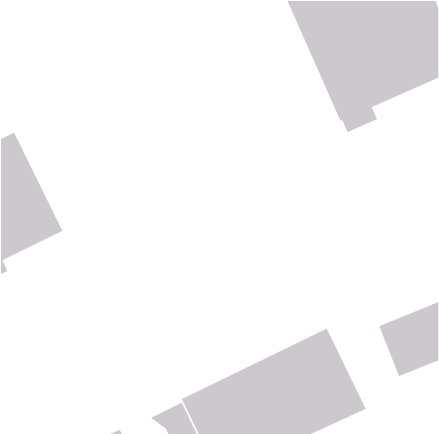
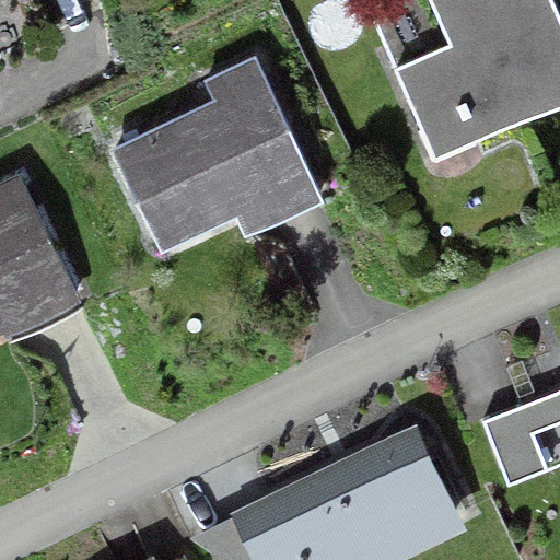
building: none -> [110,54,325,252]

